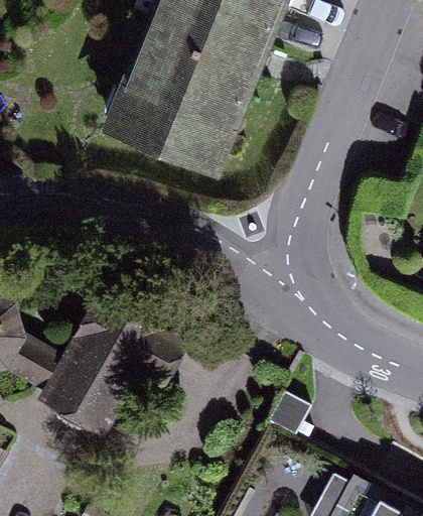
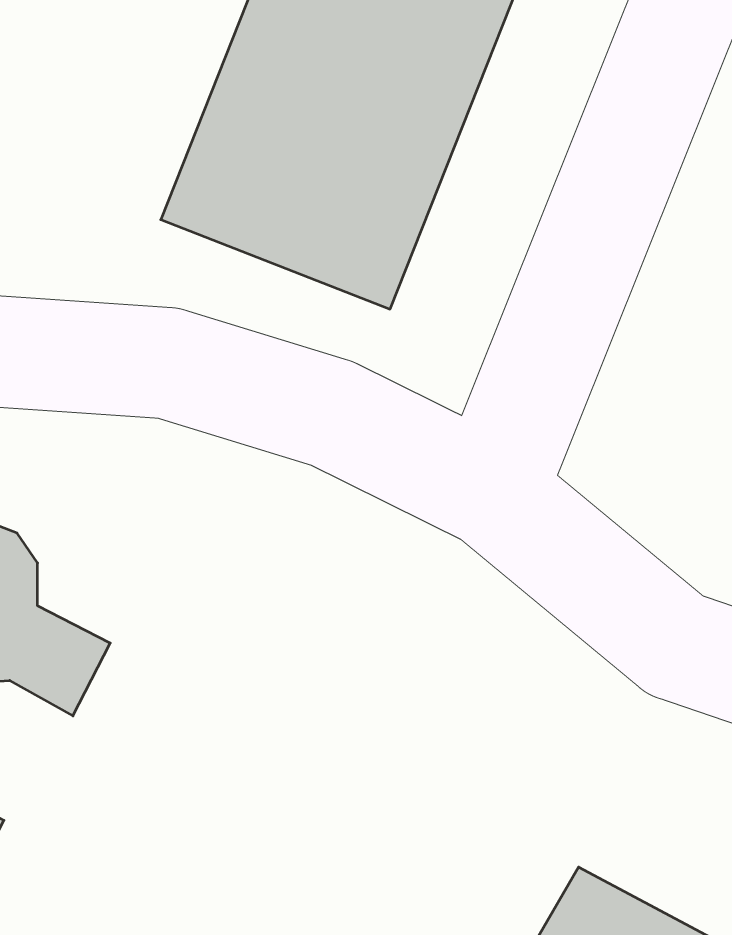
building: [38,306,158,446] -> none

